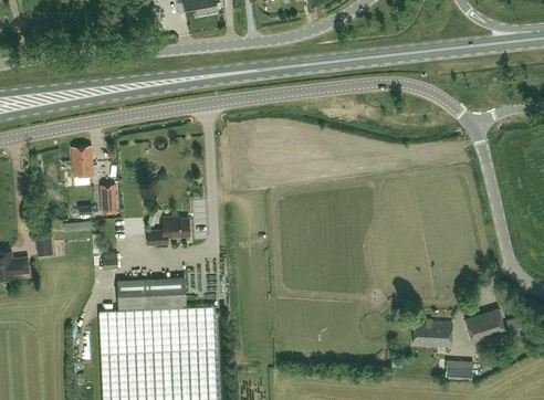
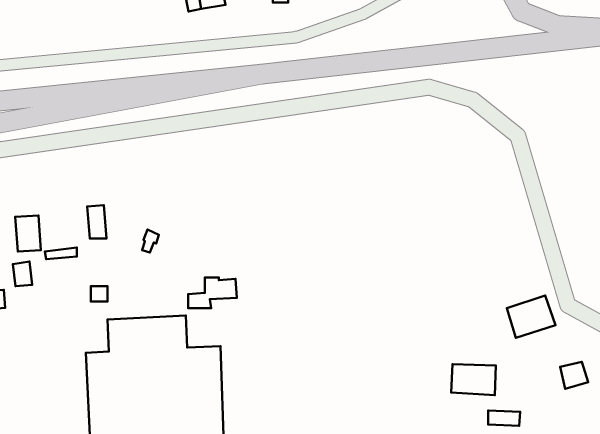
building: [71,146,93,177] -> [15,216,41,251]
building: [148,218,190,244] -> [188,277,237,308]
building: [465,309,508,346] -> [507,295,555,338]

